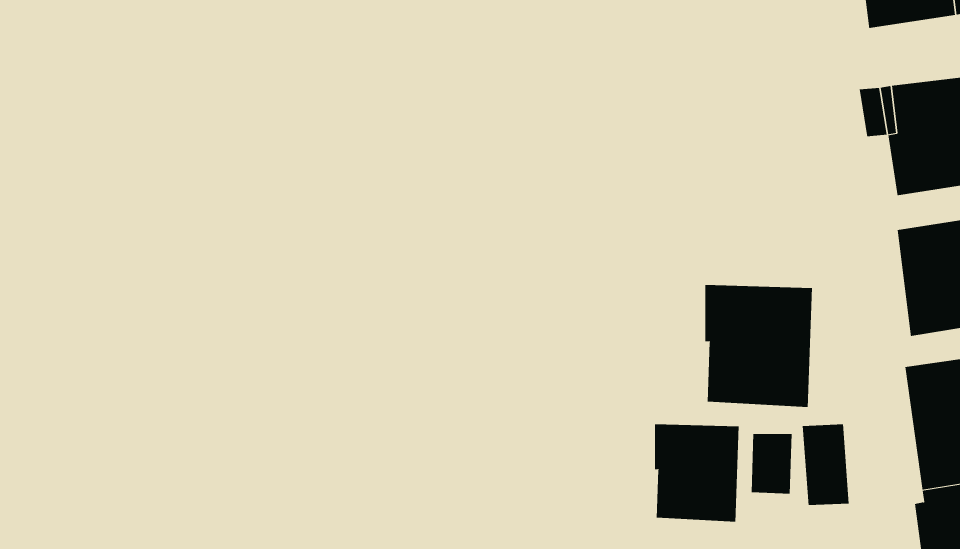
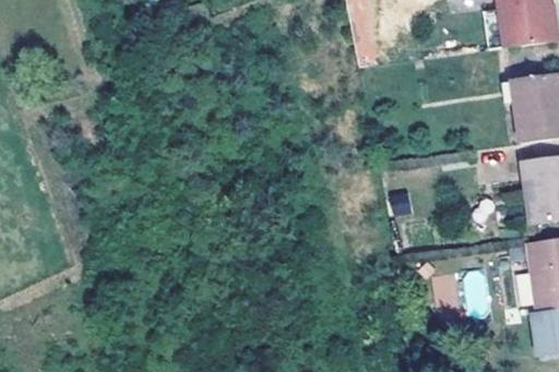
building: [705,284,812,408] -> none
building: [655,423,739,523] -> none

